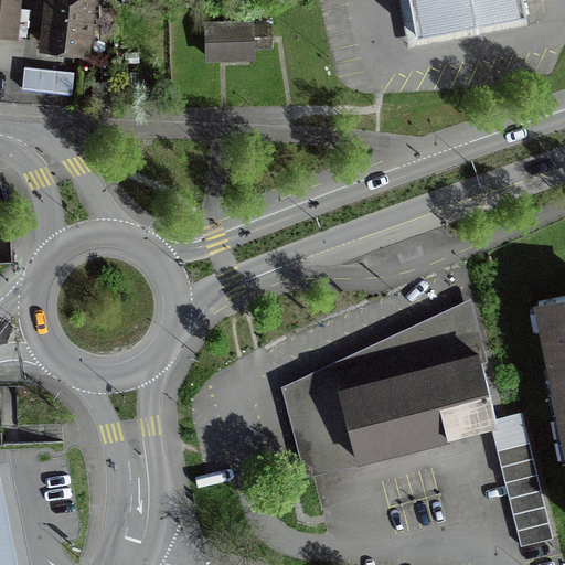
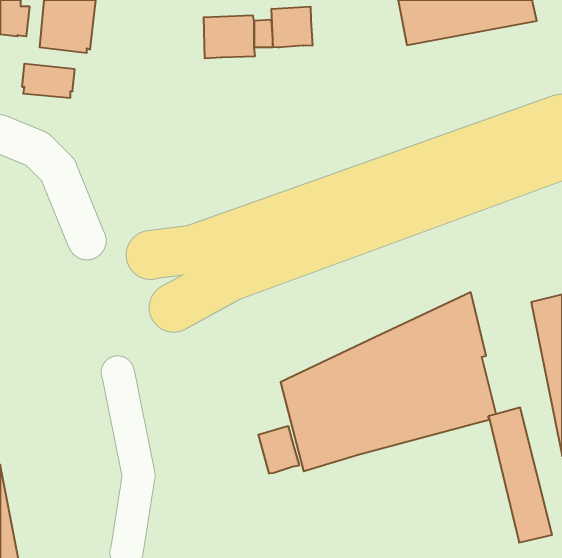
building: none -> [272,7,312,48]
building: none -> [258,426,299,474]

